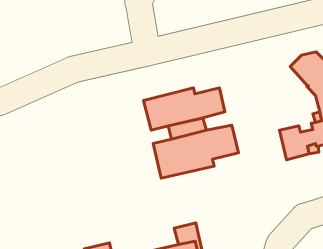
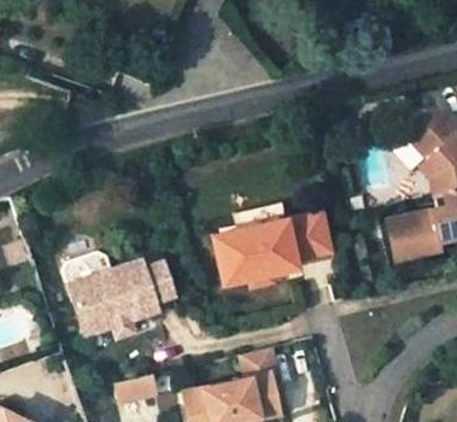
building: [144,88,225,130] -> none
building: none -> [63,254,174,339]

